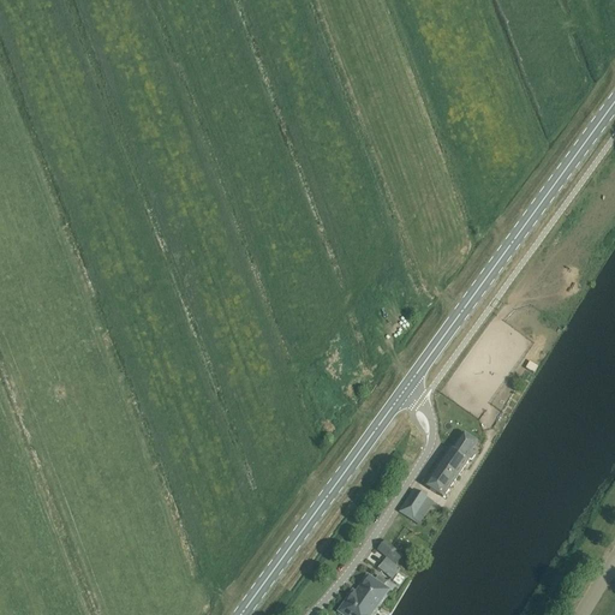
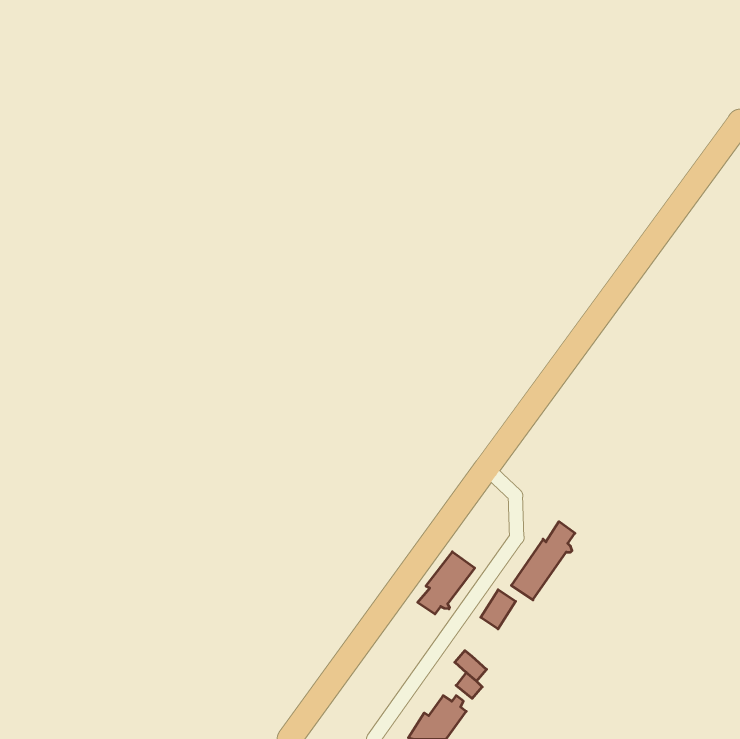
building: none -> [418,552,475,614]

